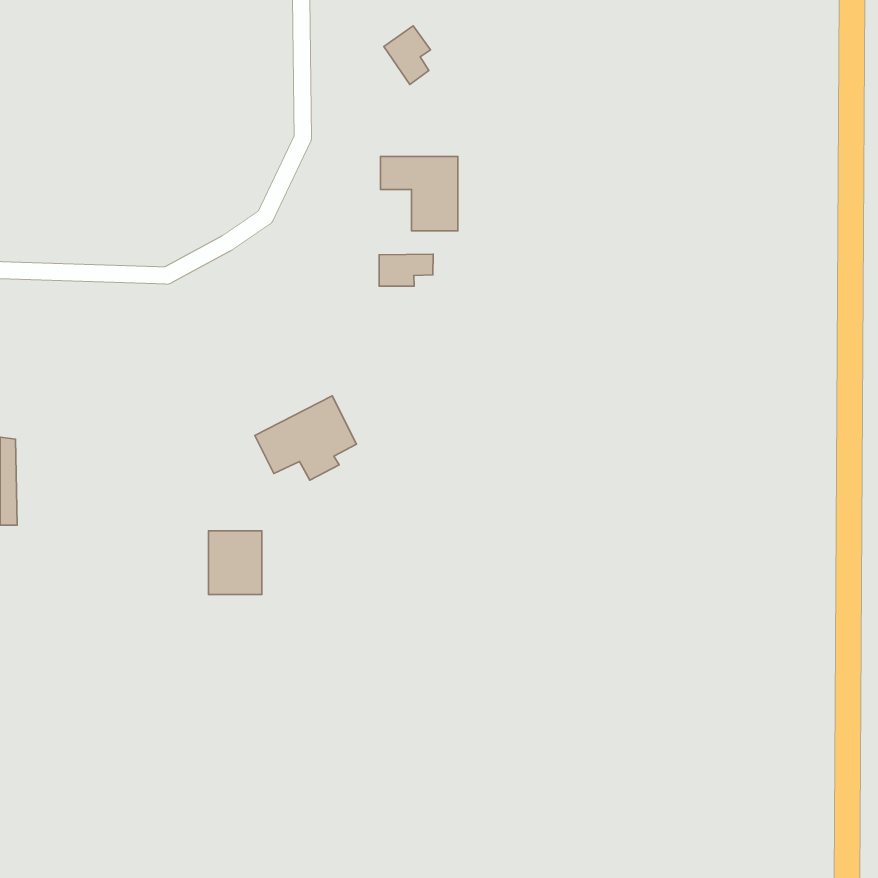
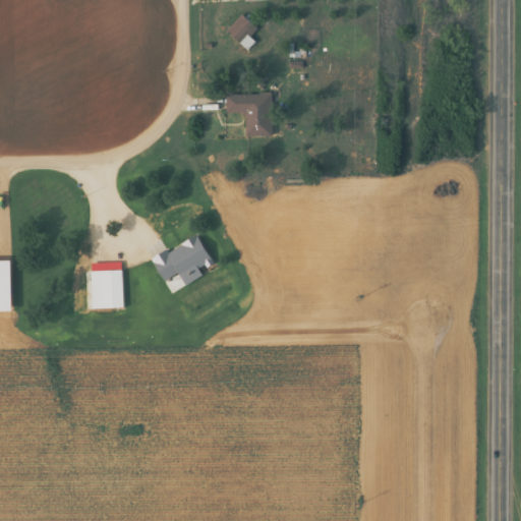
building: [379,254,433,286] -> none
building: [208,531,262,594] -> [91,270,122,307]

